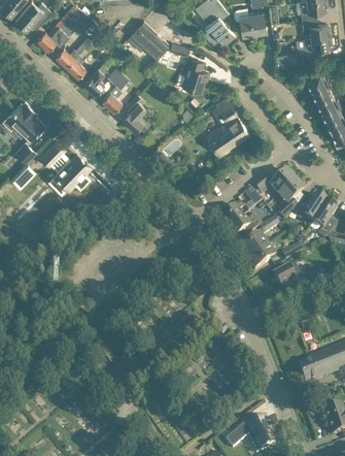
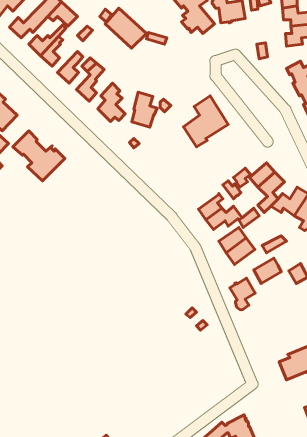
building: [183,58,208,92] -> [132,92,157,127]
building: none -> [230,278,255,310]

